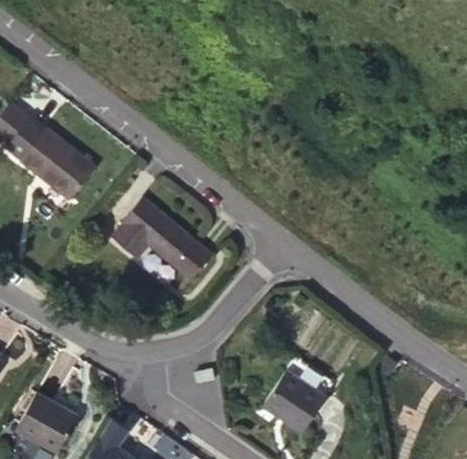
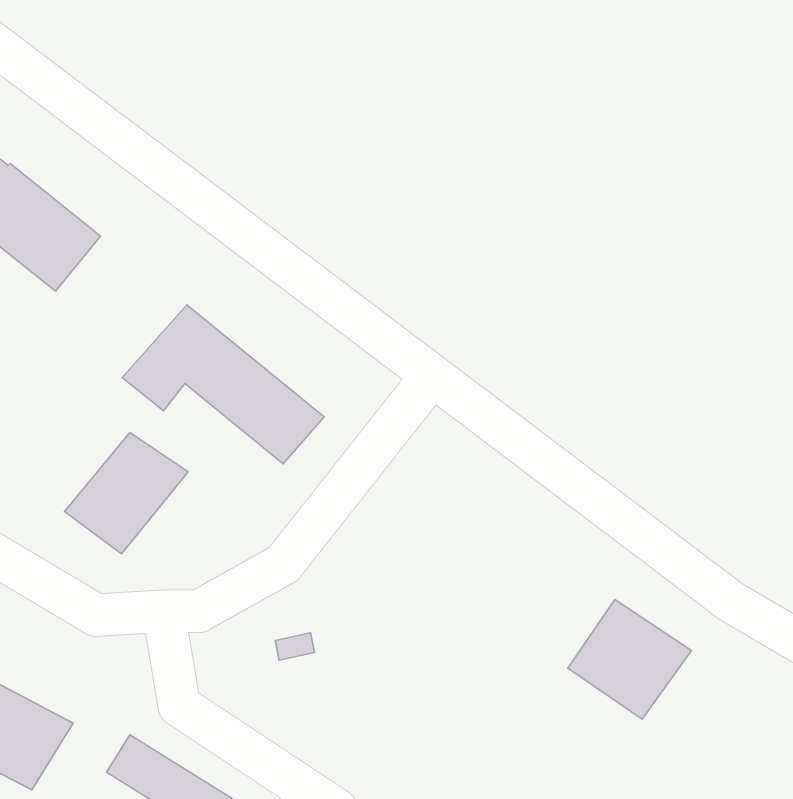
building: none -> [65,432,188,554]
building: [260,373,323,434] -> [568,600,691,719]

